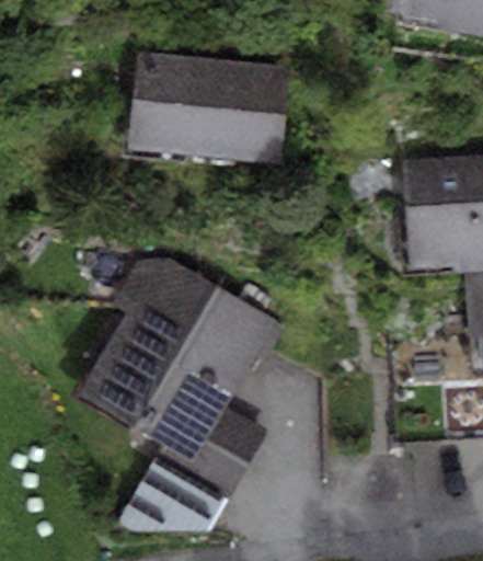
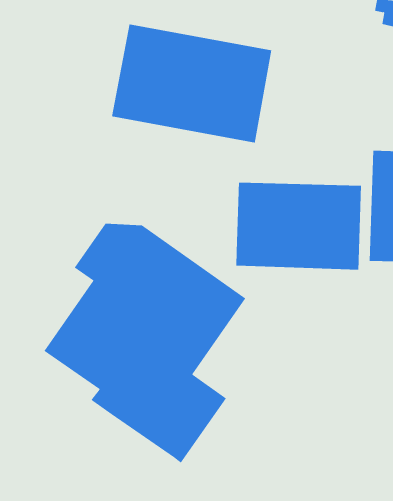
building: none -> [236,182,361,270]
building: [122,459,225,534] -> none

